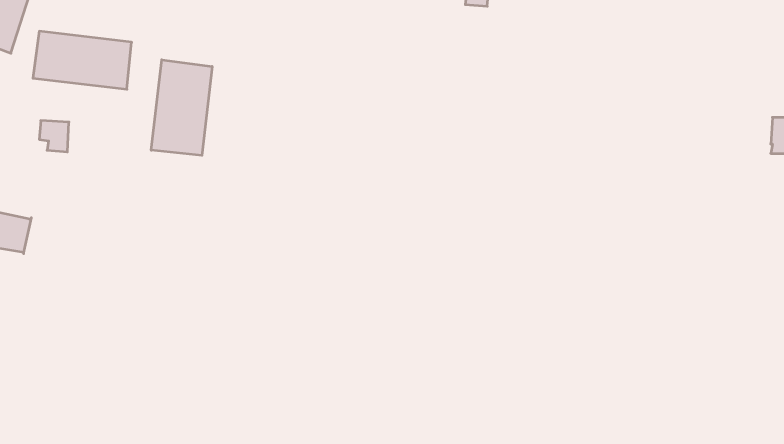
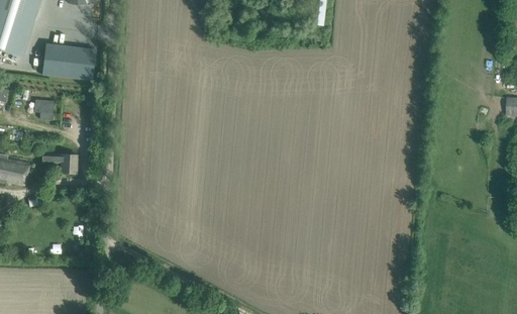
building: [151,60,212,155] -> none
building: none -> [42,152,77,173]

